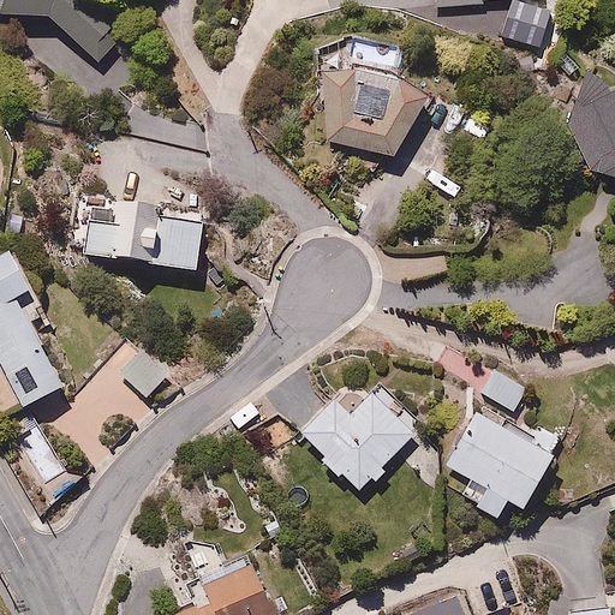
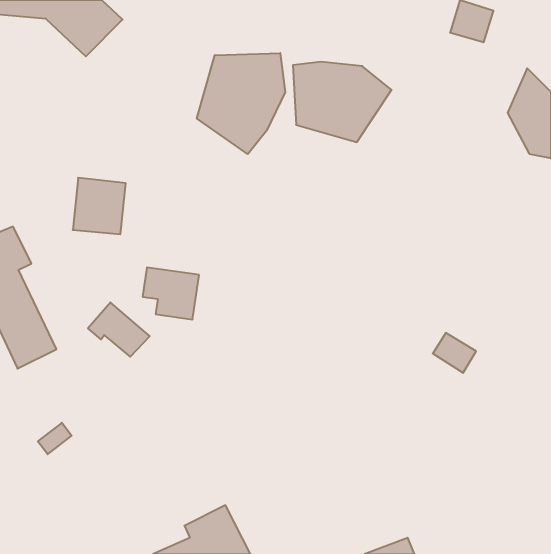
building: none -> [197,53,285,154]
building: [139,215,202,273] -> [143,267,199,319]
building: [298,389,419,490] -> none
building: [443,408,565,520] -> none

